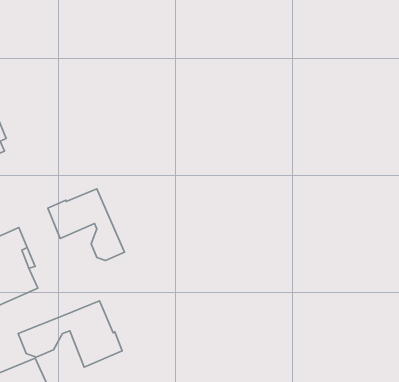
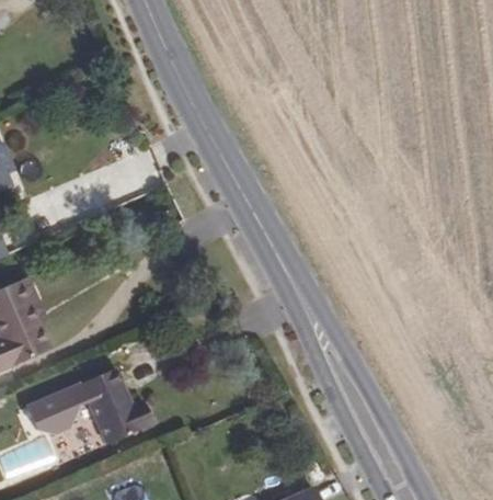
building: [48,189,124,260] -> none

